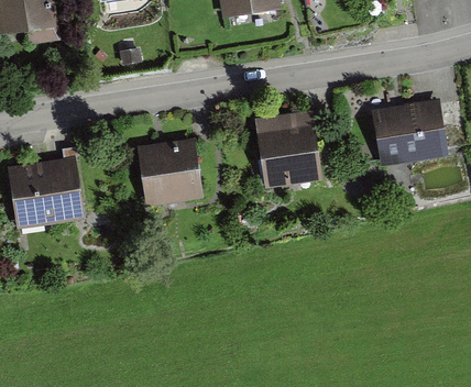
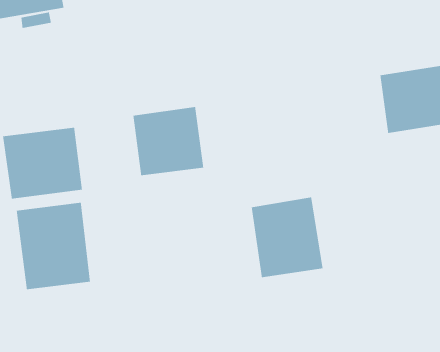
building: [256,109,326,187] -> [251,196,324,278]
building: none -> [16,202,91,290]

